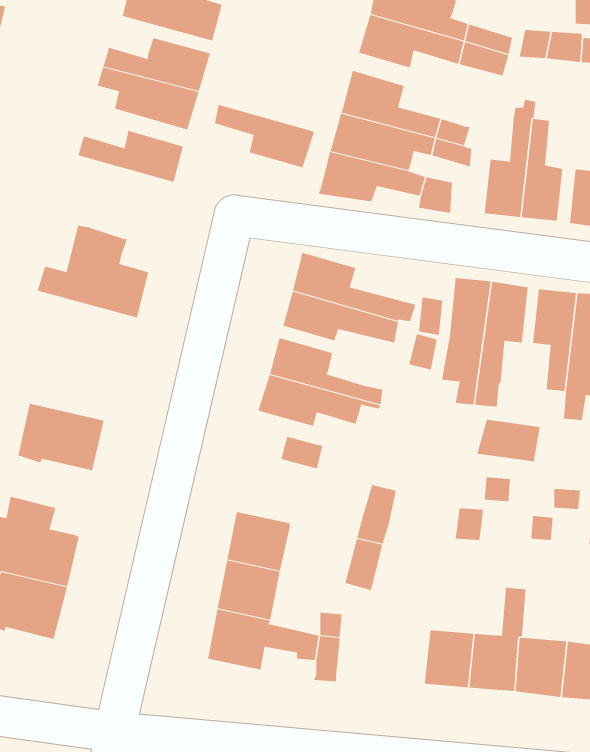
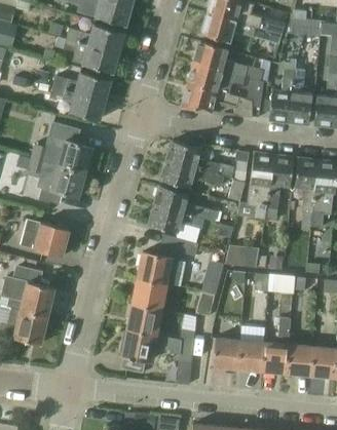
building: [214,104,315,168] -> [51,87,105,121]
building: none -> [29,159,85,205]
building: [476,419,540,462] -> [225,246,259,269]
building: none -> [138,250,179,286]
building: none -> [213,337,240,367]

